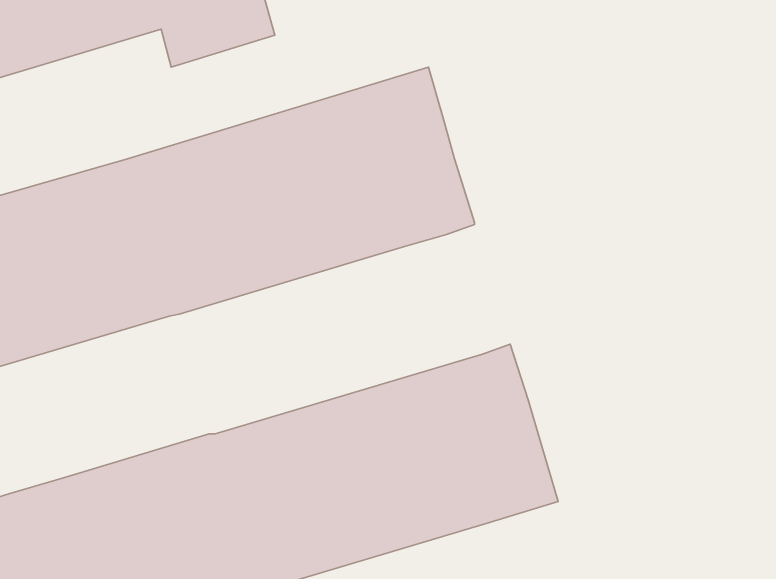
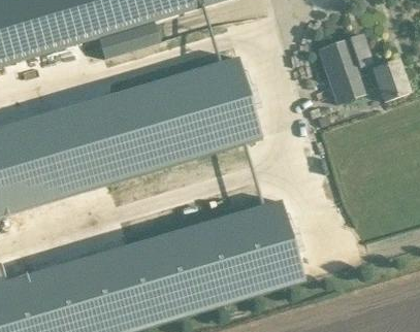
building: none -> [318,32,409,102]

